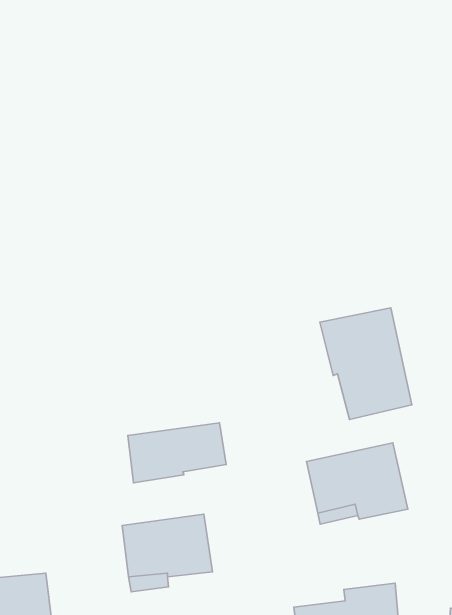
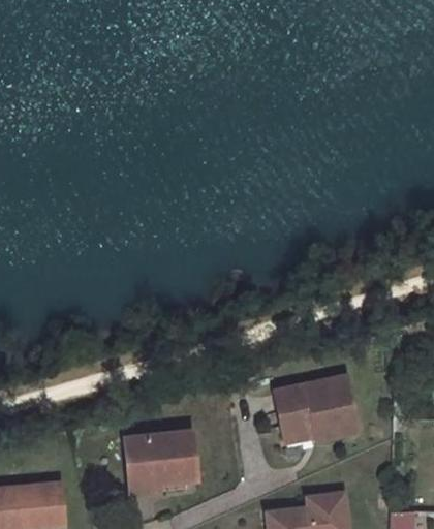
building: [320,308,412,419] -> none
building: [128,423,226,483] -> none

